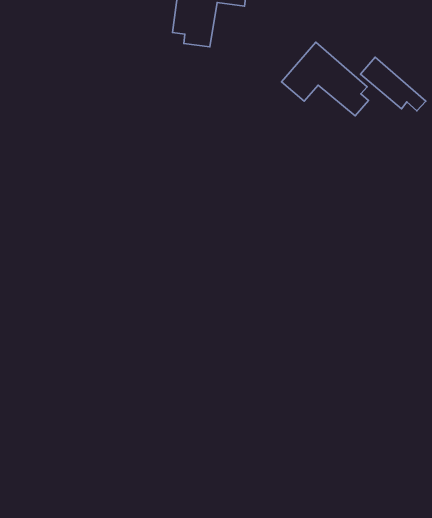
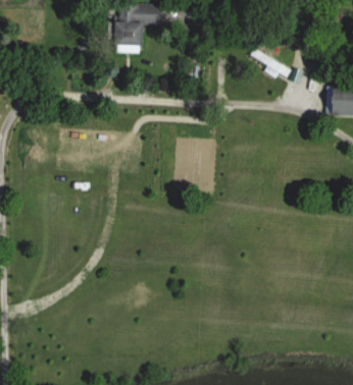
building: [282,42,368,116] -> none

